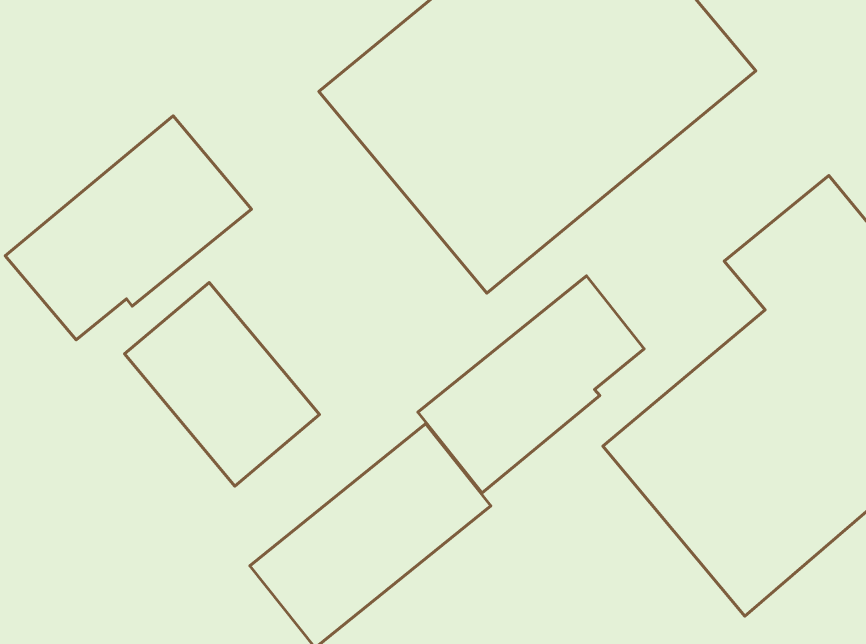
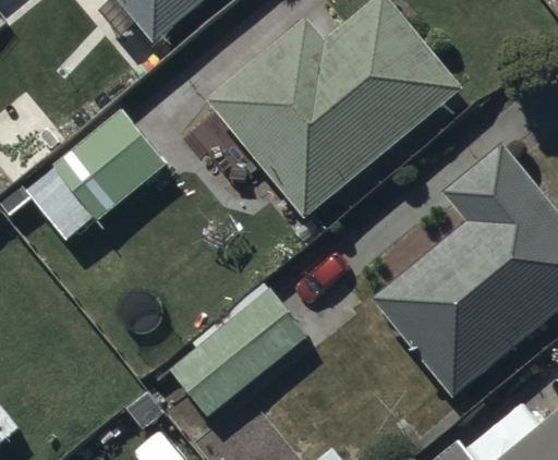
building: [418,276,644,493] -> none
building: [125,282,319,486] -> none

